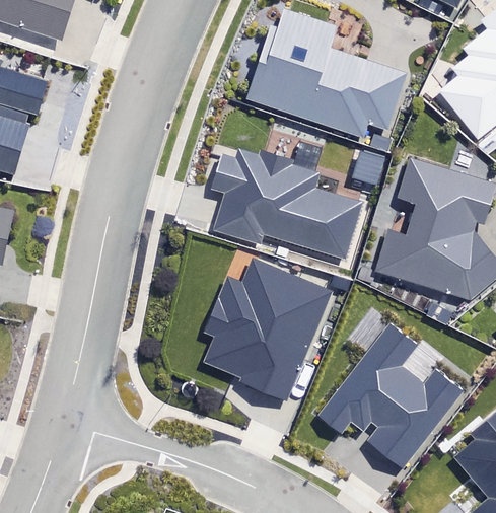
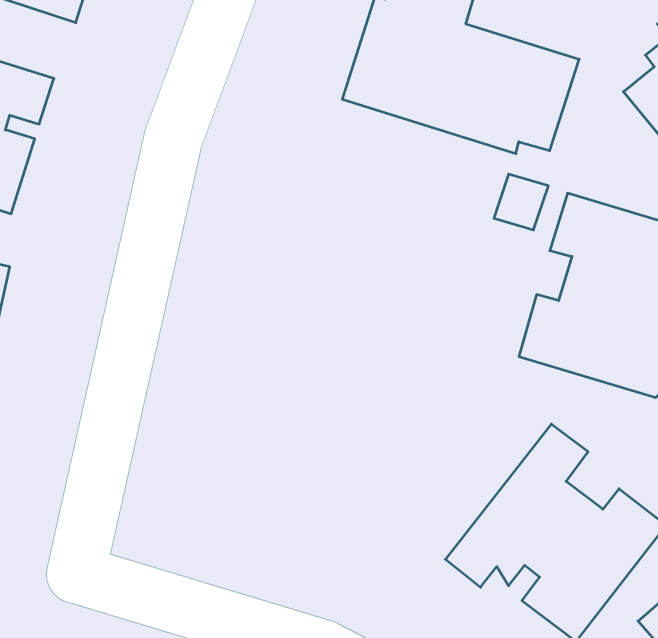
building: [210,152,358,258] -> none
building: [208,261,331,401] -> none

